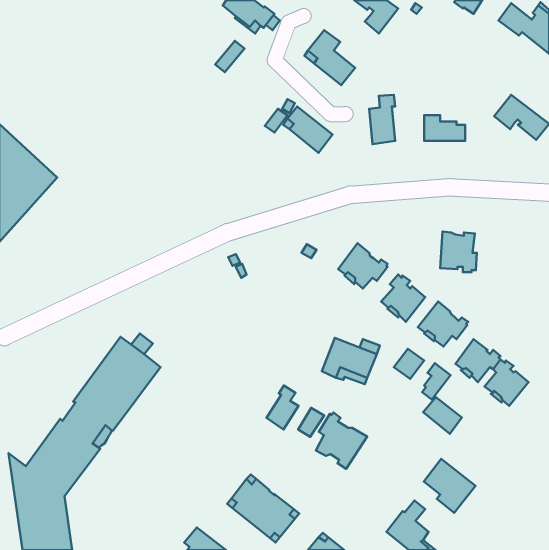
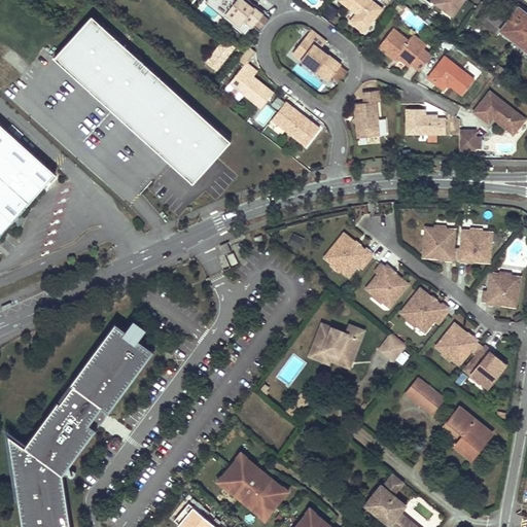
building: none -> [56,17,231,183]
building: none -> [377,28,430,70]
building: none -> [427,56,472,94]
building: none -> [229,62,272,108]
building: none -> [458,127,480,147]
building: none -> [455,224,490,261]
building: none -> [483,274,519,306]
building: [422,363,450,400] -> none
building: [267,386,299,430] -> none
building: [316,413,367,469] -> none
building: [424,459,476,513] -> [442,408,491,459]

